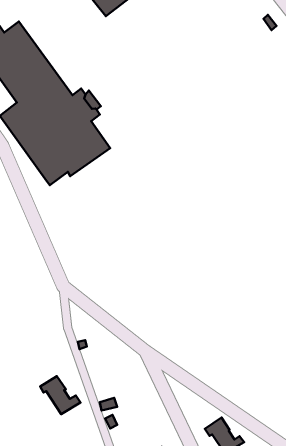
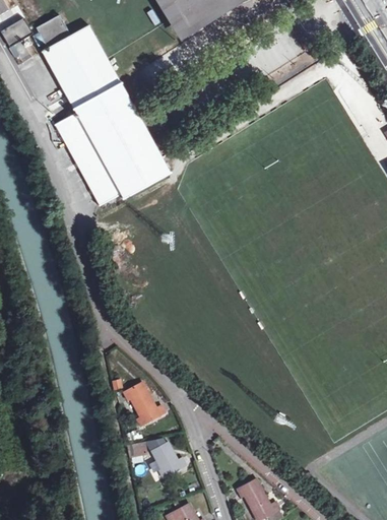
building: [40,376,80,414] -> [124,381,166,422]
building: none -> [151,442,186,476]

